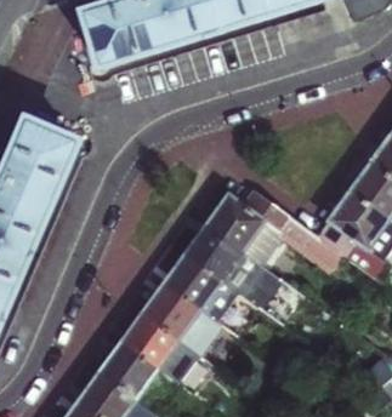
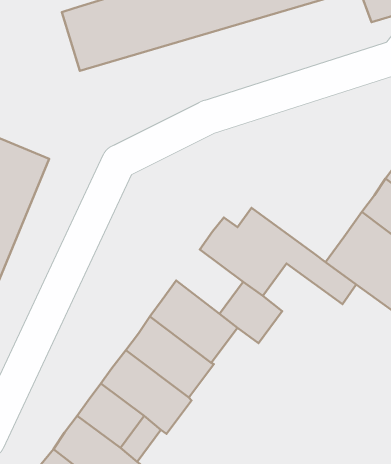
building: [187,222,245,278] -> none

